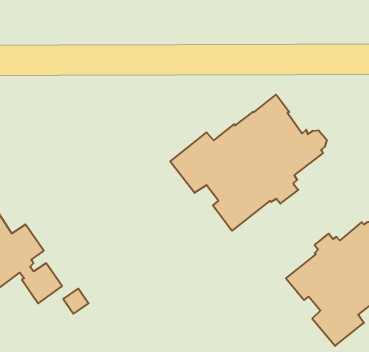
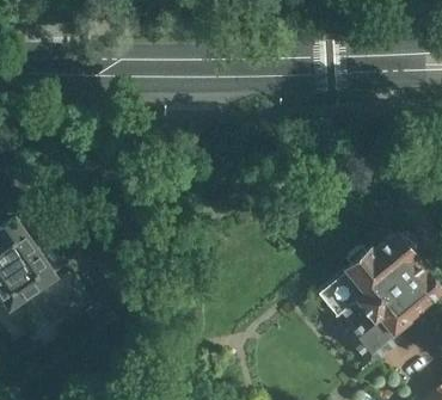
building: [170,95,327,231] -> none

